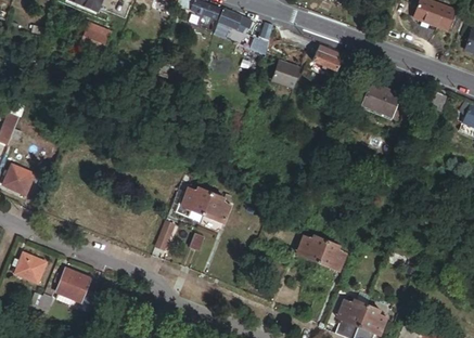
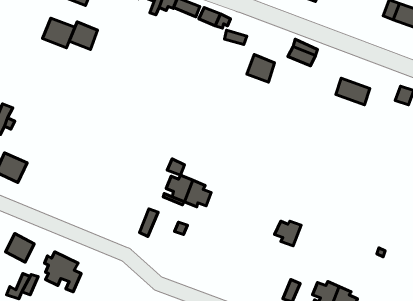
building: none -> [43,18,75,48]
building: [318,239,346,268] -> none

